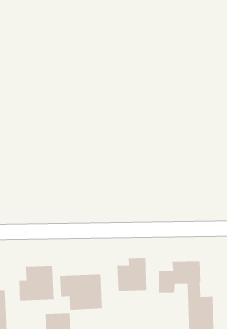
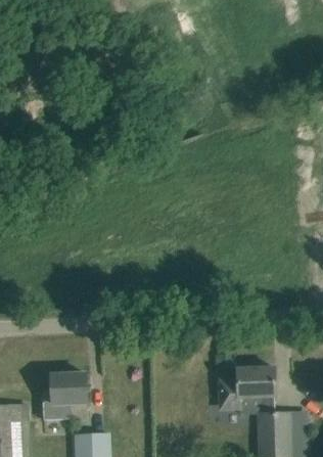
building: [117,257,147,292] -> none
building: [59,273,103,311] -> none

